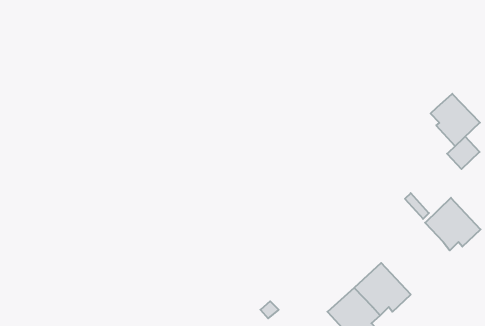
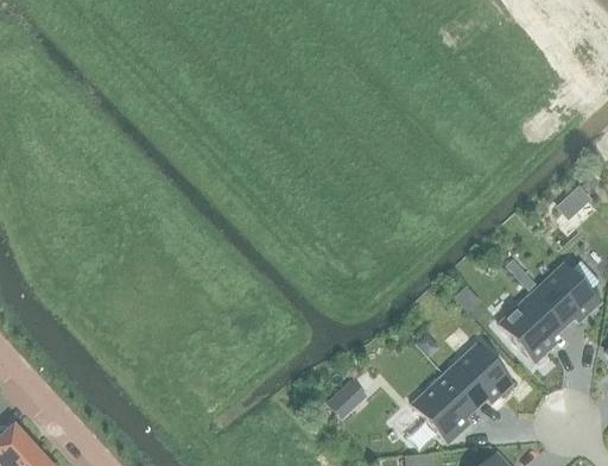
building: [431,94,480,146] -> none
building: none -> [499,291,563,361]

